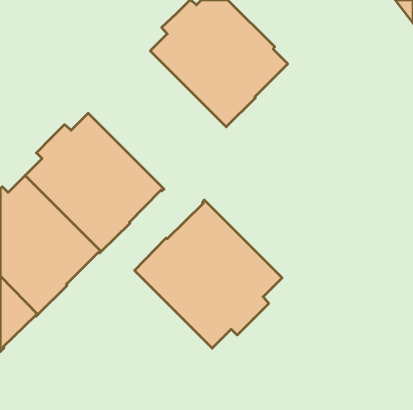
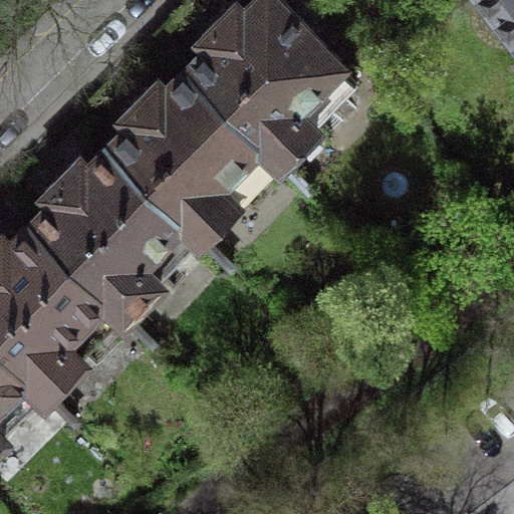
building: none -> [109,67,281,239]
building: [135,200,282,348] -> none

